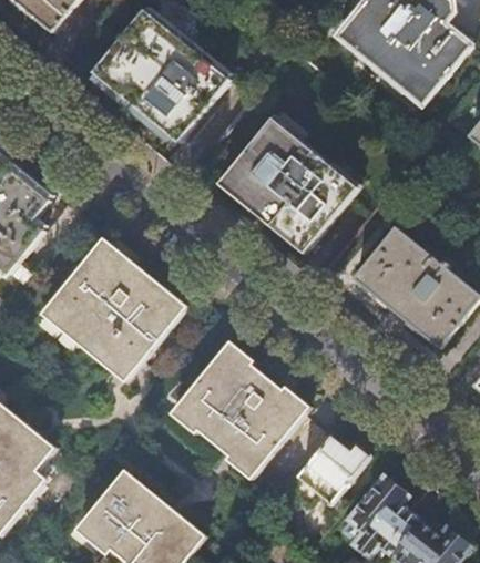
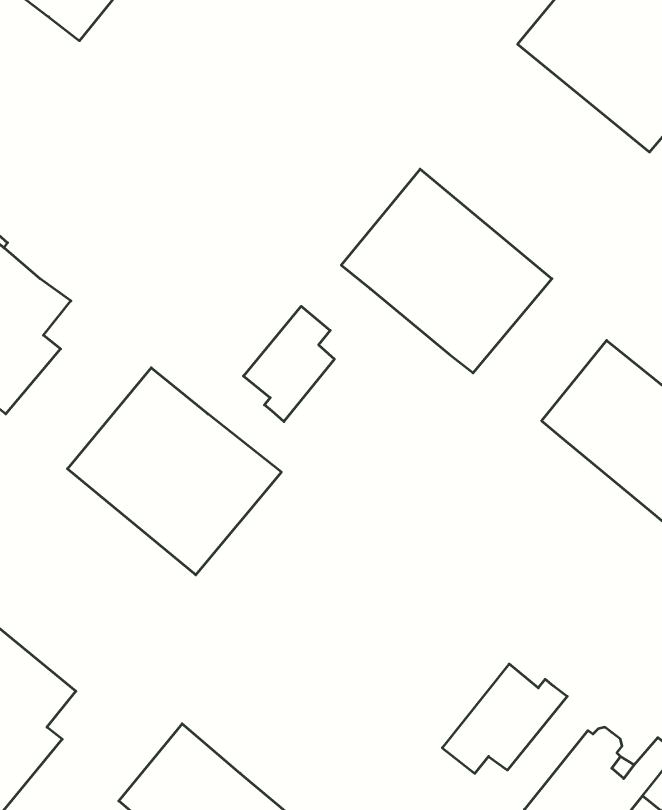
building: [92,11,231,143] -> none
building: none -> [243,306,334,422]
building: [175,349,302,472] -> none

